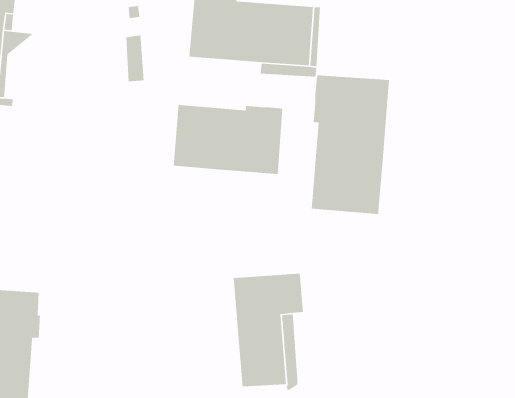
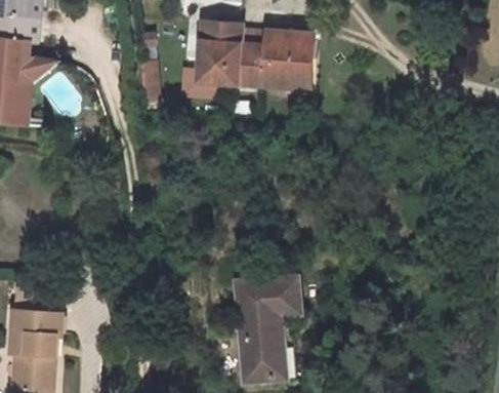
building: [311,74,390,215] -> none
building: [173,104,283,175] -> none

